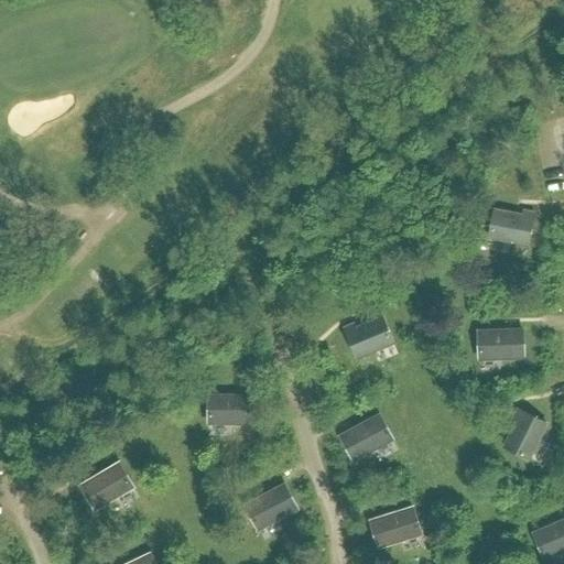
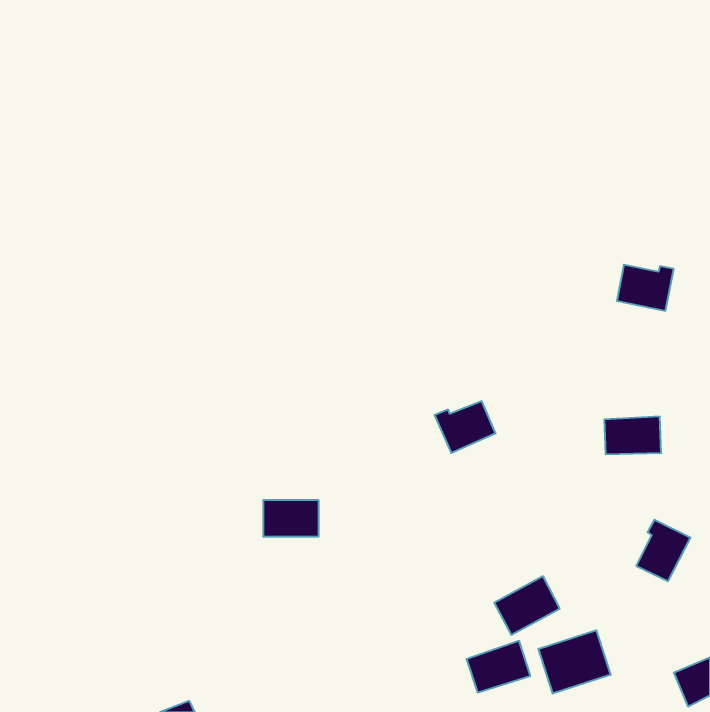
building: [339,414,391,460] -> [494,576,560,635]
building: [80,463,132,510] -> none
building: [245,485,296,530] -> none
building: none -> [538,630,611,694]

